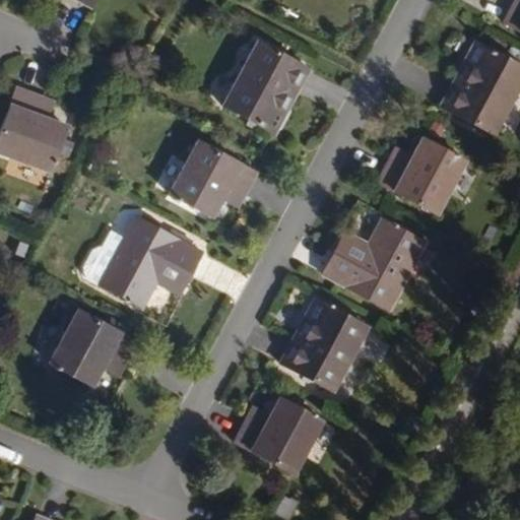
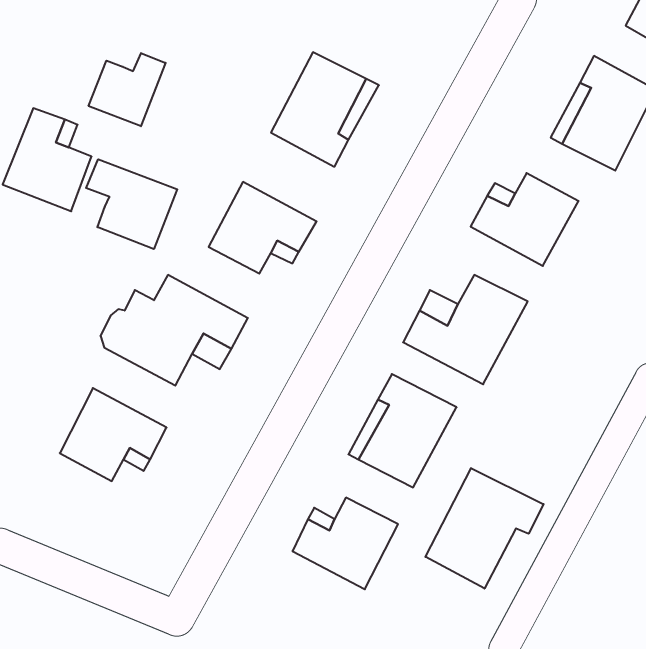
building: none -> [89,53,166,126]
building: none -> [86,159,177,249]
building: none -> [425,468,544,589]

